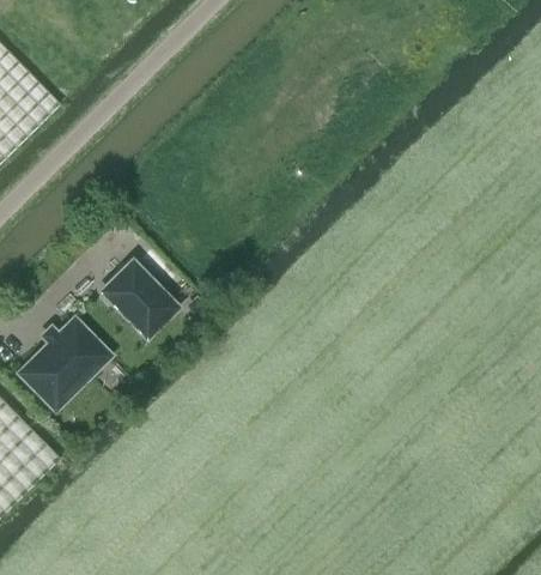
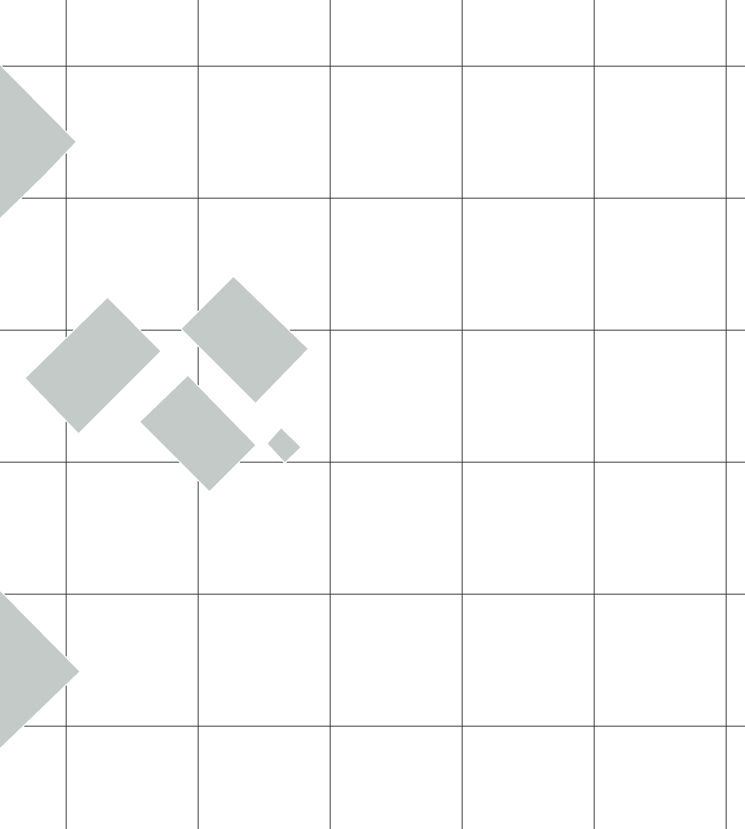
building: none -> [181,276,308,404]
building: [18,319,109,410] -> [25,297,161,434]

